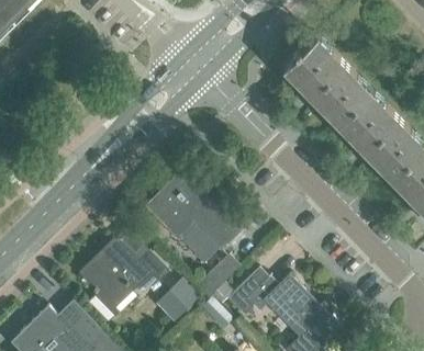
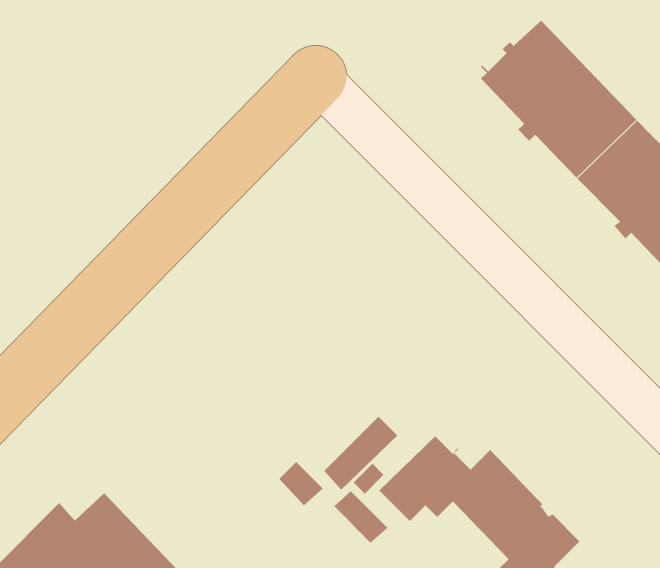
building: [146,168,243,261] -> none
building: [79,238,170,322] -> none

